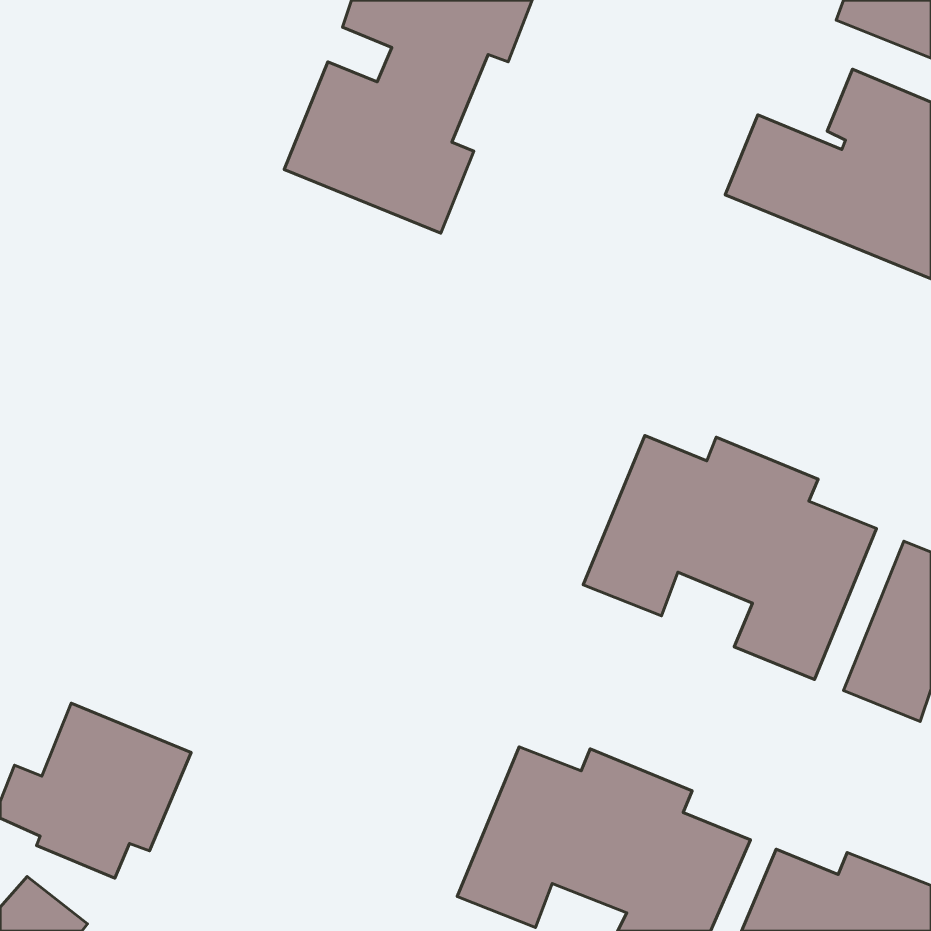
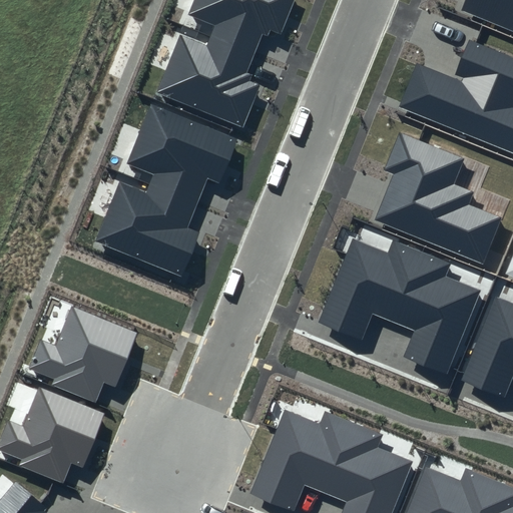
building: none -> [95,104,236,277]
building: none -> [376,132,500,264]
building: none -> [29,307,137,403]

